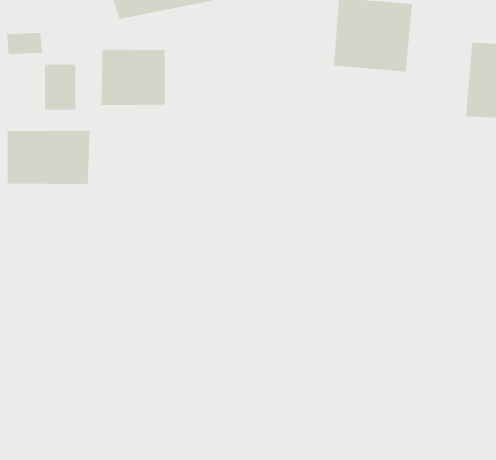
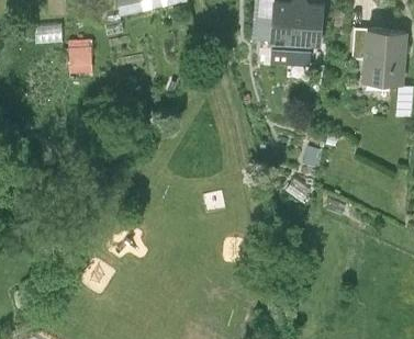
building: [101,49,165,106] -> none
building: [7,130,90,185] -> none

